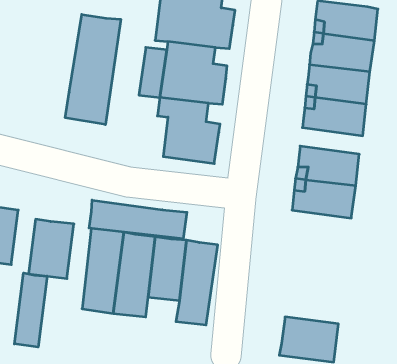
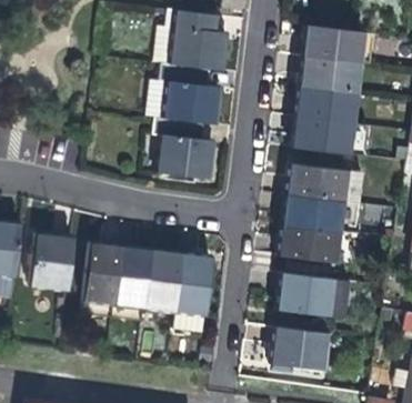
building: [65,14,121,125] -> none
building: [89,200,187,239] -> none
building: none -> [280,224,341,261]
building: none -> [280,272,335,315]
building: [14,273,47,347] -> none

